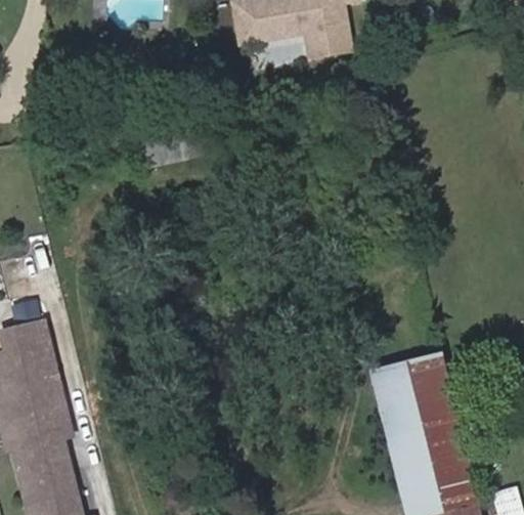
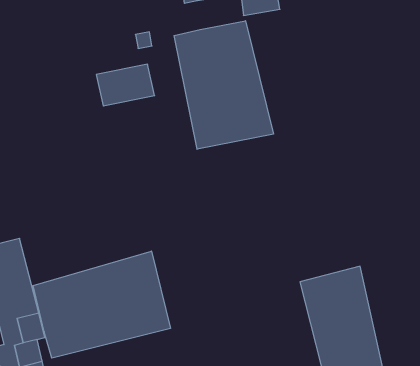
building: none -> [174,21,273,149]
building: none -> [33,251,170,358]

